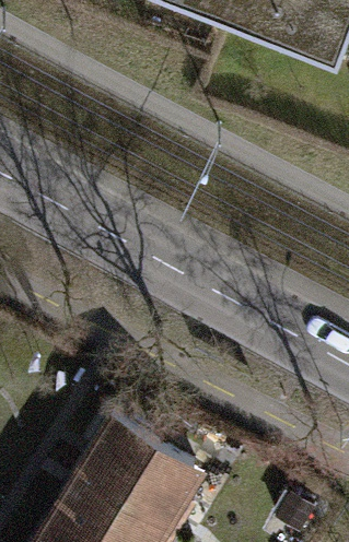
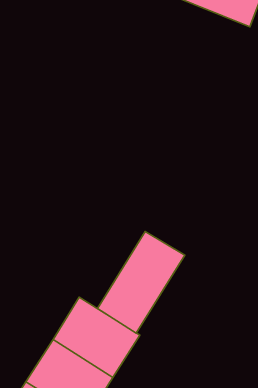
building: none -> [98,231,185,333]

